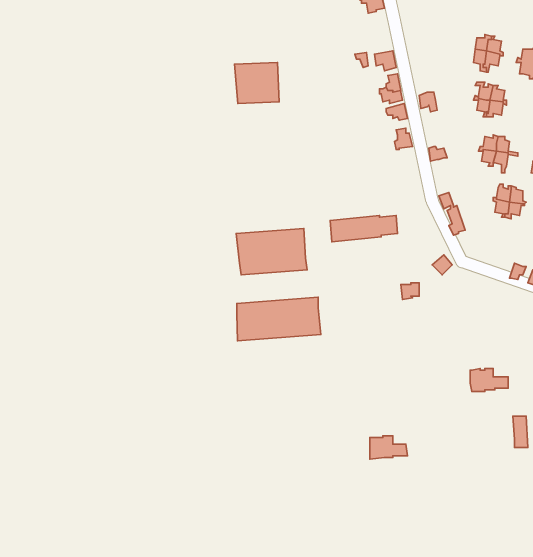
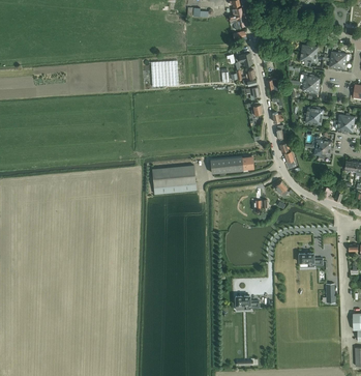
building: [237,297,321,341] -> none

